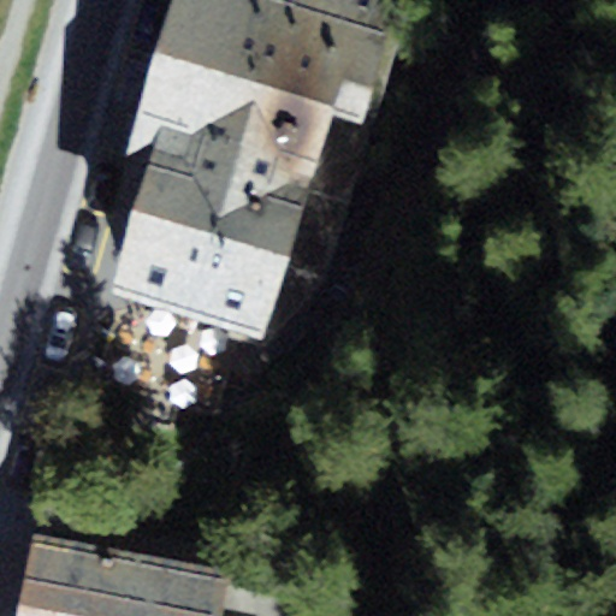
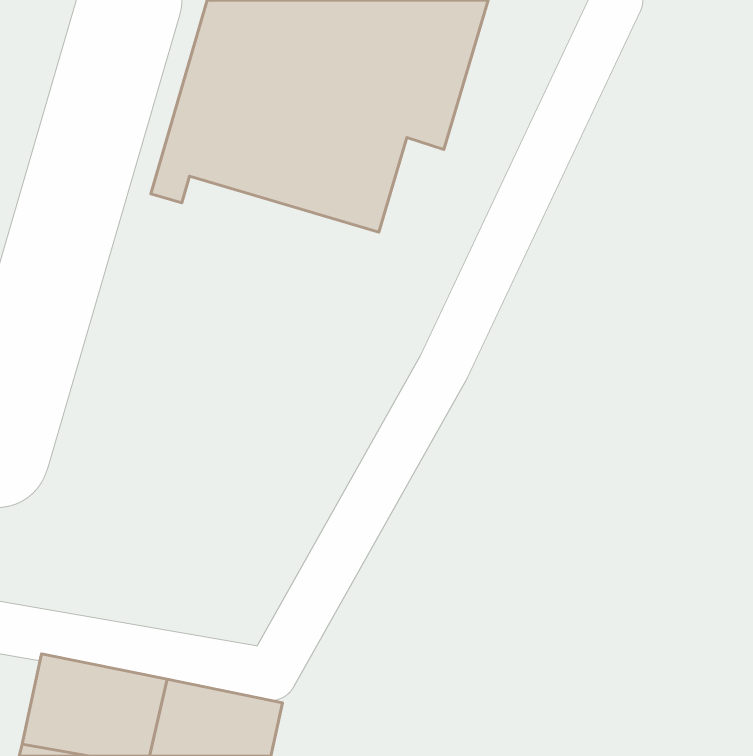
building: [109,143,308,337] -> none

